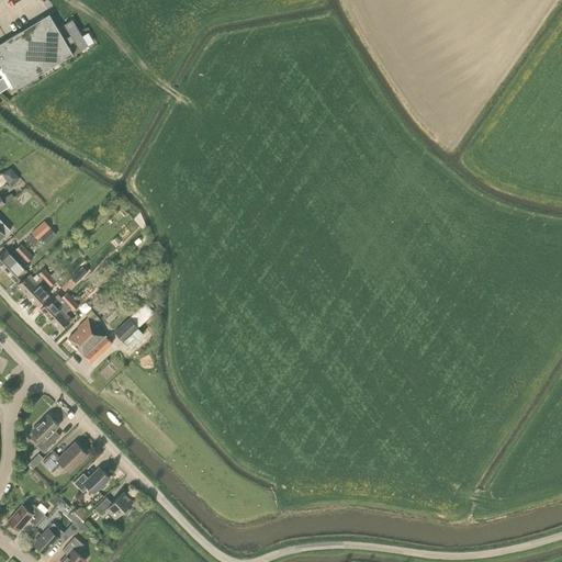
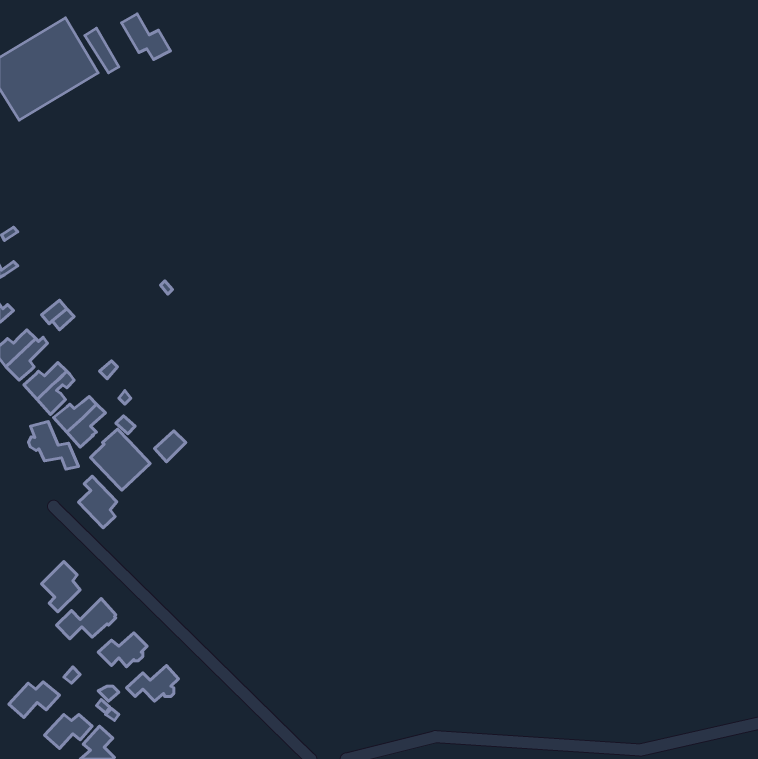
building: none -> [121,14,171,59]
building: none -> [29,421,79,469]
building: none -> [79,476,117,528]

